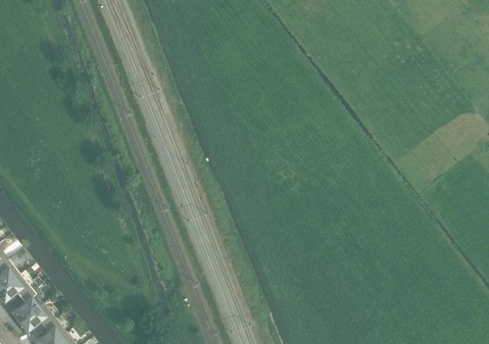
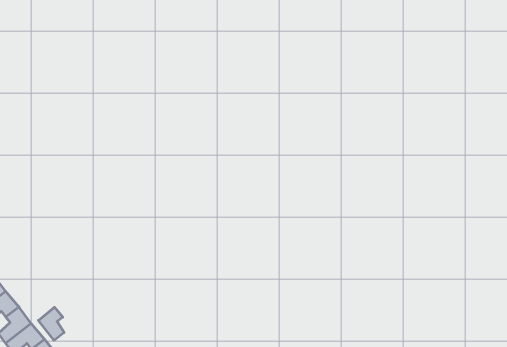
building: none -> [38,307,64,340]

